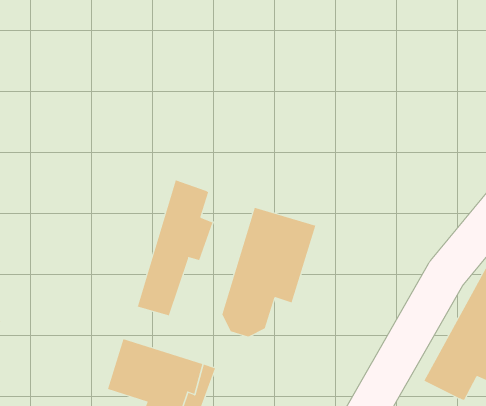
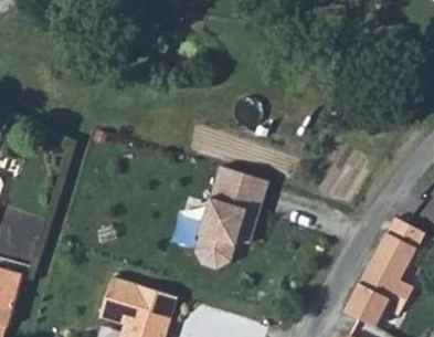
building: [137,179,213,316] -> none

